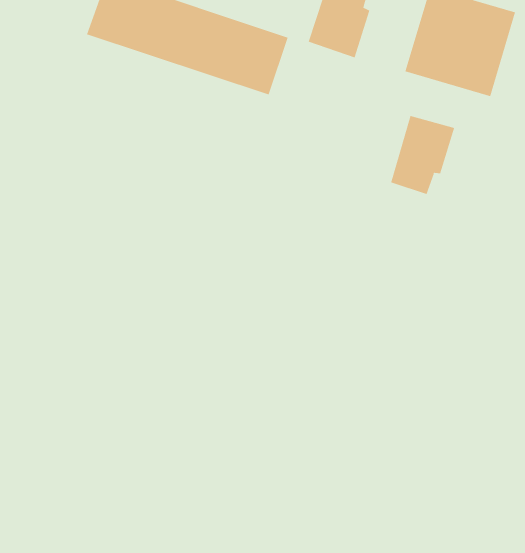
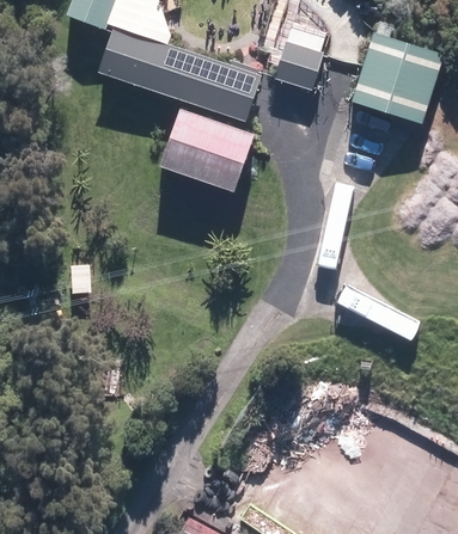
building: none -> [160,108,255,192]
building: [390,115,455,195] -> none

